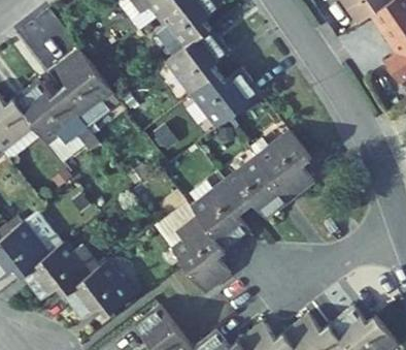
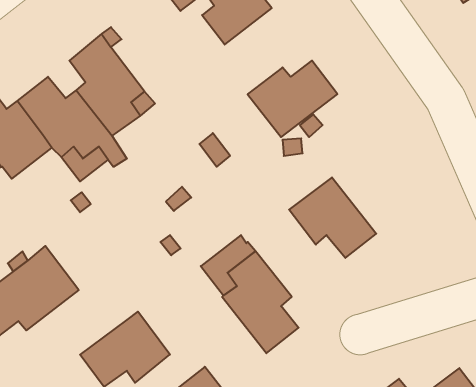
building: [167,28,229,94] -> none
building: [250,132,314,201] -> none
building: [192,183,249,250] -> none
building: [22,243,99,300] -> none

